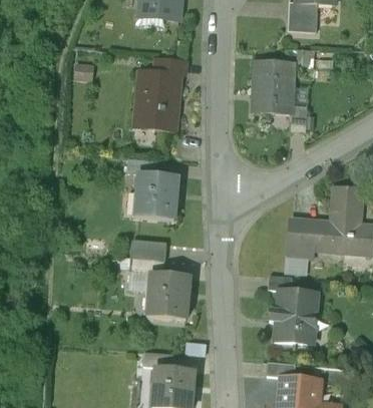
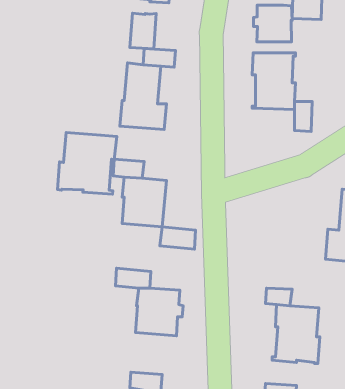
building: none -> [253,5,292,42]
building: none -> [130,13,156,49]
building: none -> [58,132,117,194]
building: [286,221,316,272] -> none
building: [131,241,163,261] -> [160,227,195,249]

